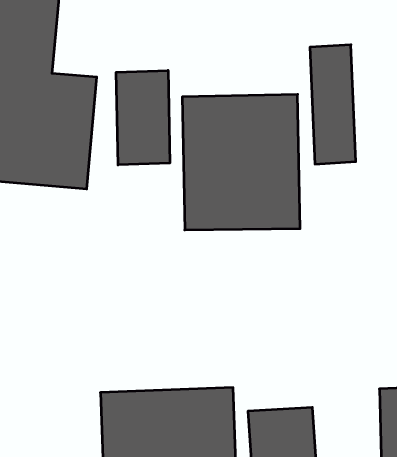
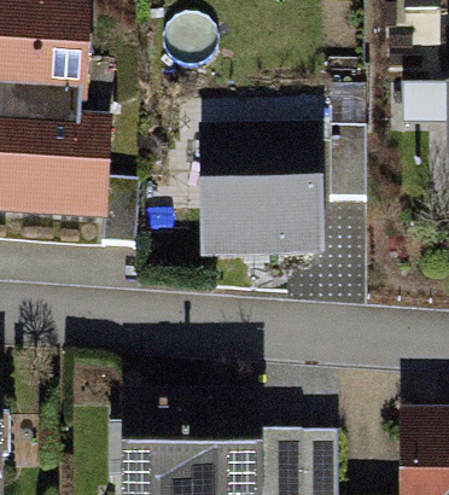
building: [116,70,170,165] -> none

